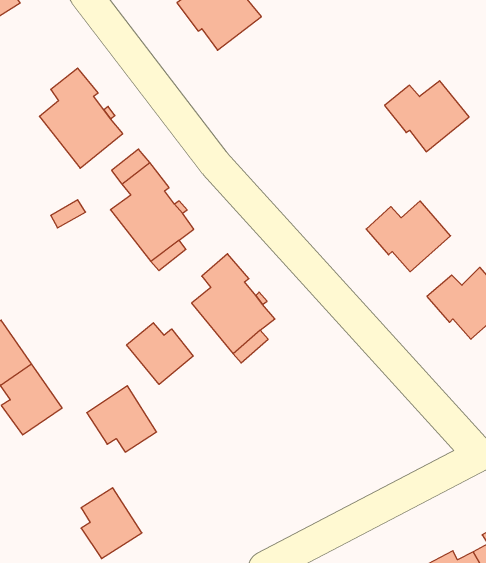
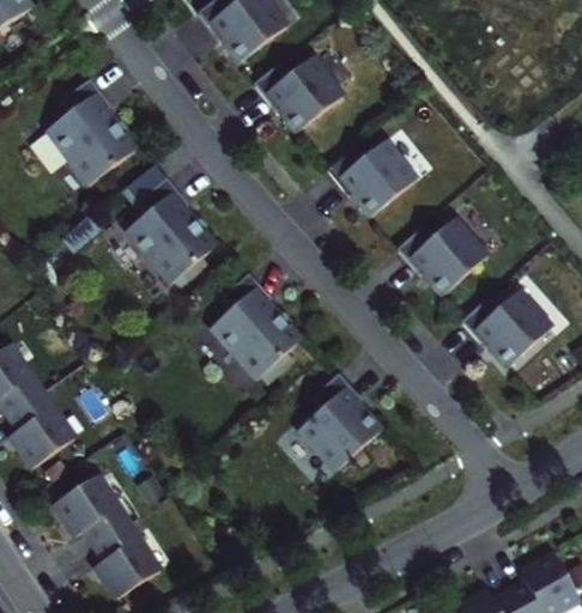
building: none -> [254,56,344,132]
building: [385,81,469,152] -> [327,141,417,217]
building: [127,323,193,384] -> none
building: none -> [292,370,380,472]
building: [87,386,157,452] -> [53,475,127,546]

